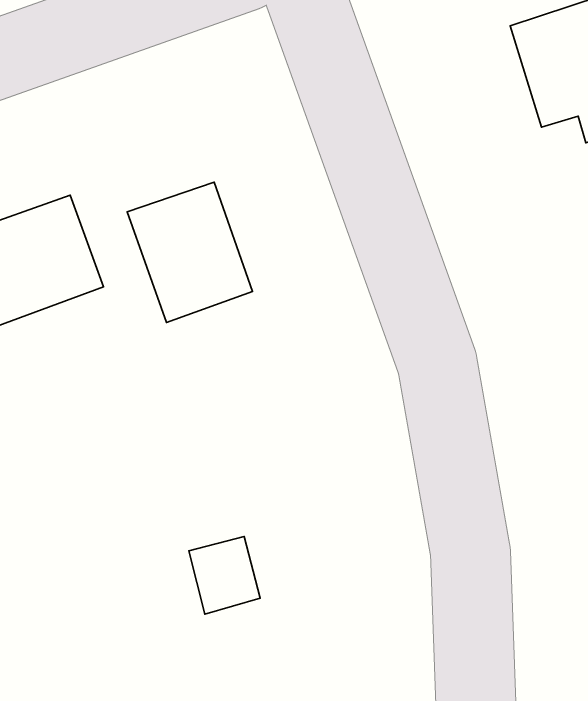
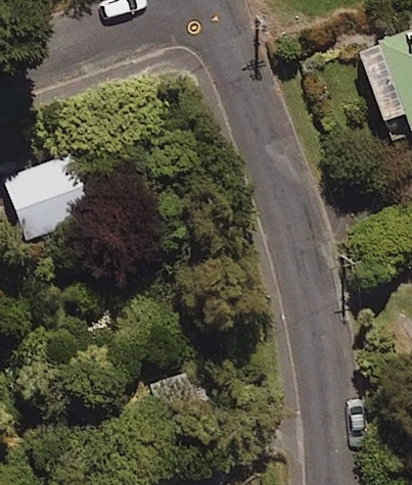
building: [127,182,252,322] -> none

